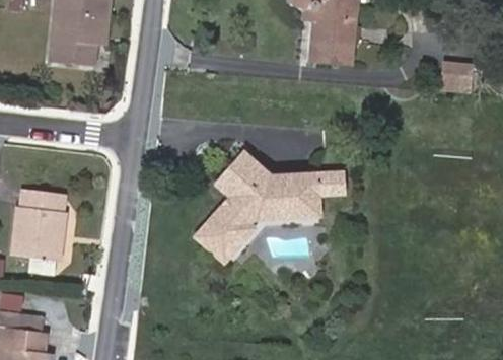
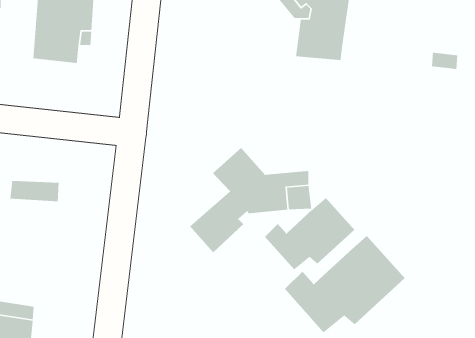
building: none -> [264,197,355,270]
building: [16,206,68,257] -> none
building: none -> [284,235,405,333]

